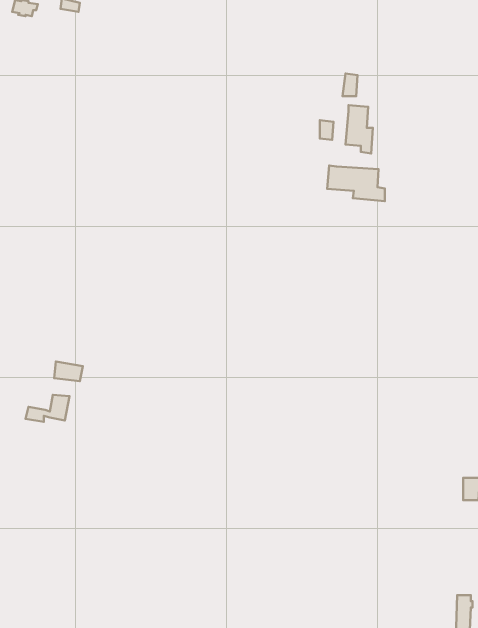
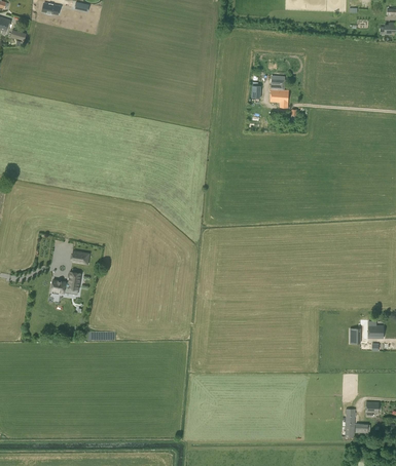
building: [327,165,385,201] -> none

